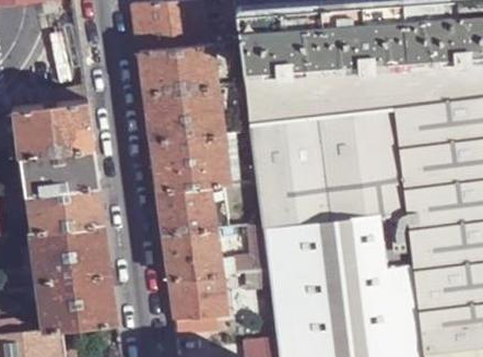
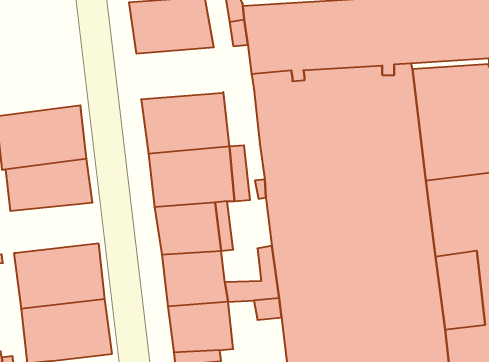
building: [140,48,217,95] -> none
building: [26,188,106,234] -> none

